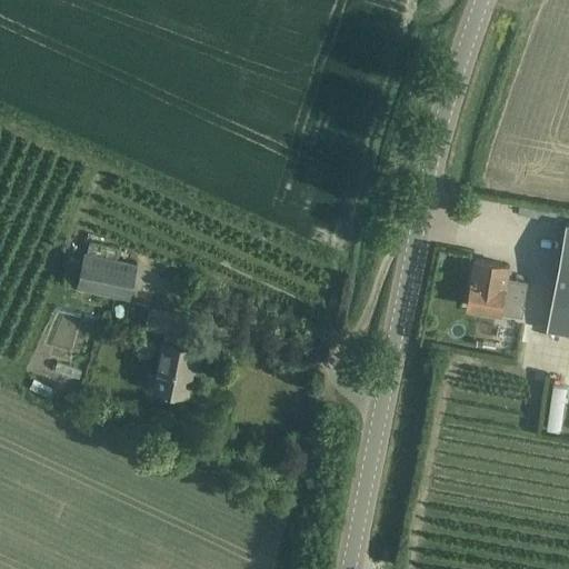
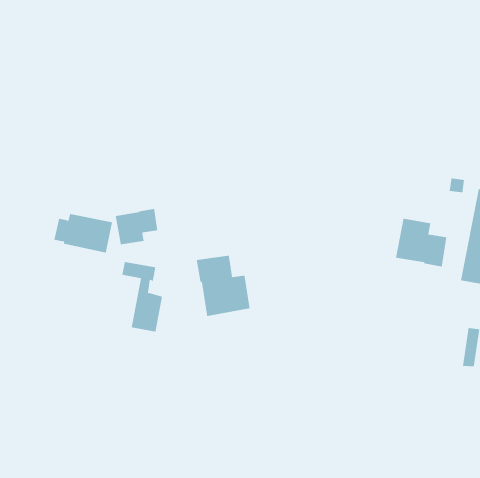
building: none -> [115,208,158,245]
building: none -> [196,255,250,317]

